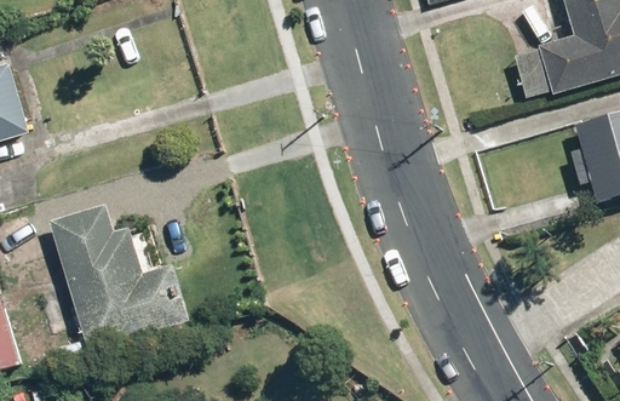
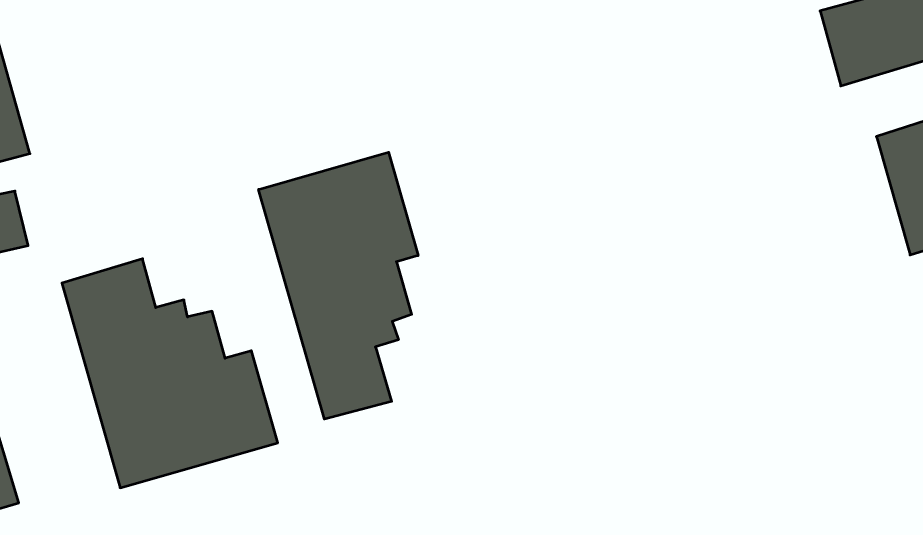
building: none -> [259,152,418,419]

